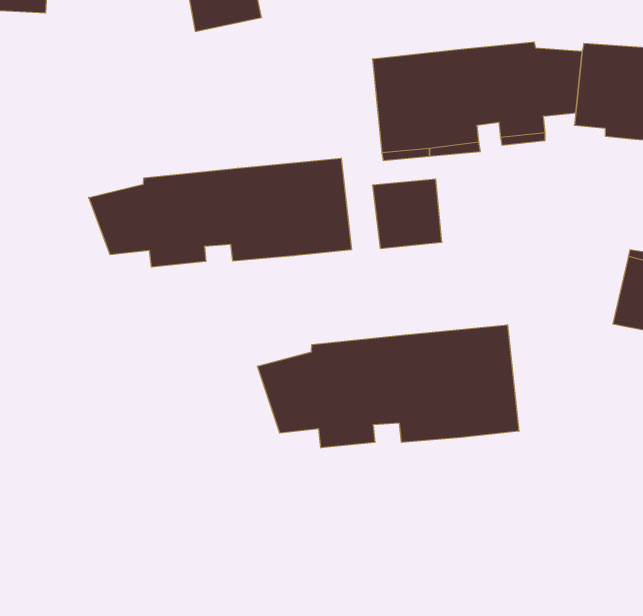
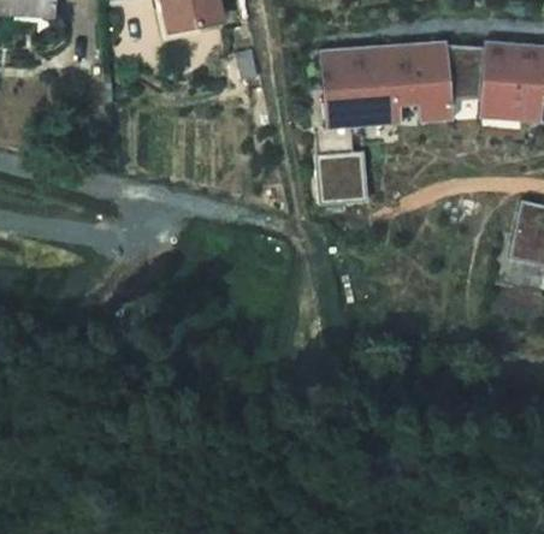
building: [89,158,351,267] -> none
building: [258,325,519,448] -> none

